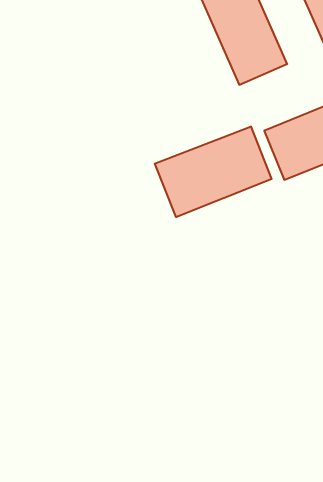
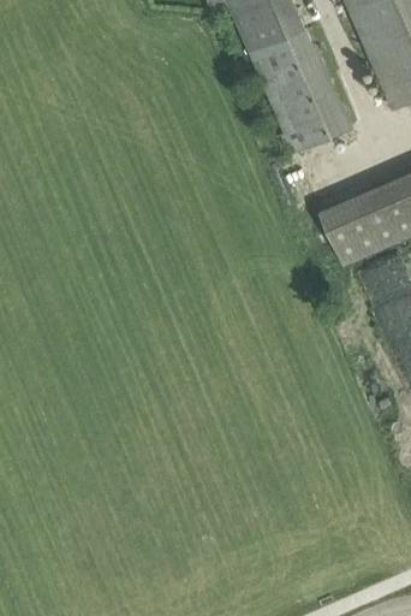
building: [155,126,272,217] -> none

